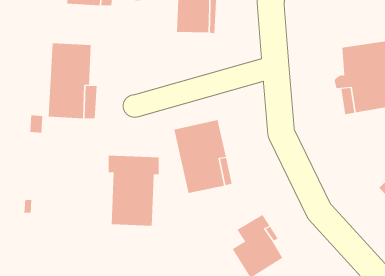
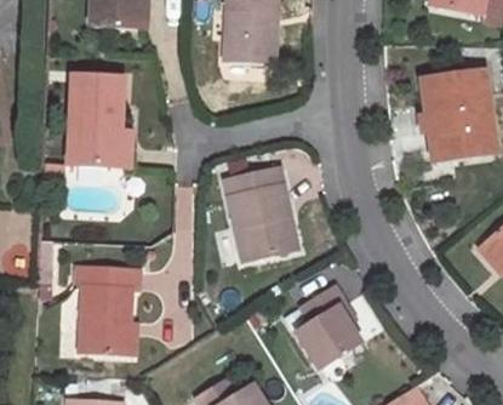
building: [108,155,159,226] -> [73,264,137,353]

